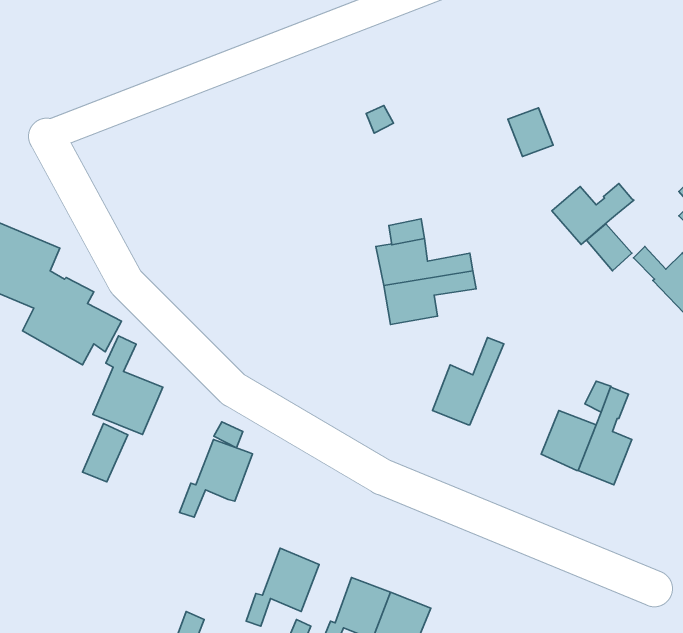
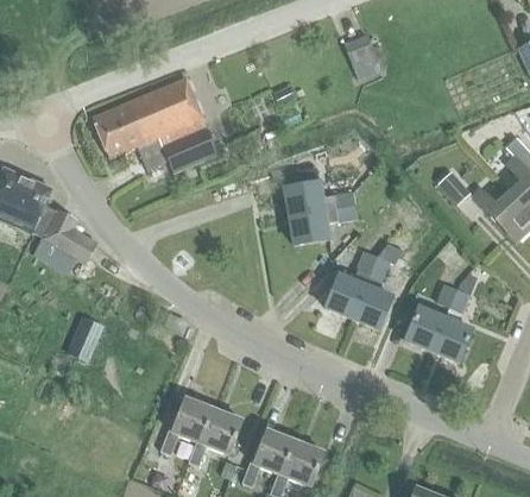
building: none -> [92,77,217,171]
building: [508,108,553,156] -> [343,34,377,70]
building: [552,183,634,245] -> none
building: [93,336,163,434] -> none
building: none -> [352,258,391,328]
building: [180,439,253,517] -> [159,397,213,454]

